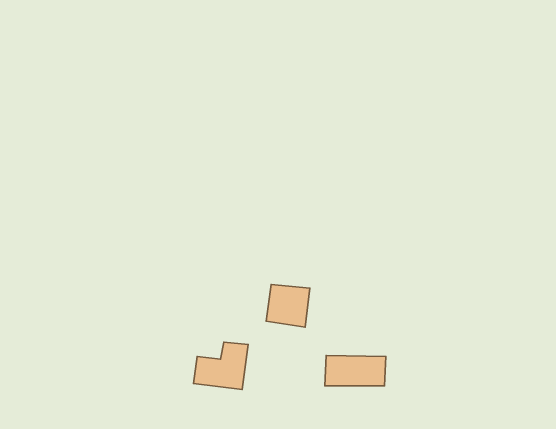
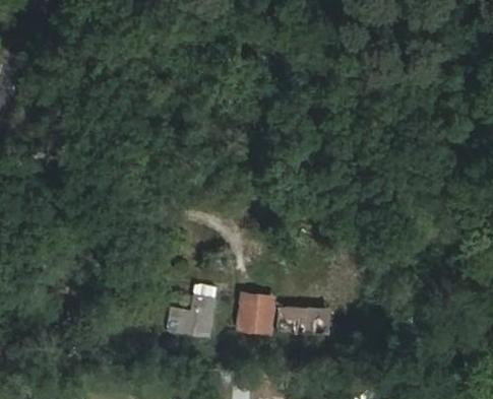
building: [266,285,310,327] -> [239,298,275,334]

